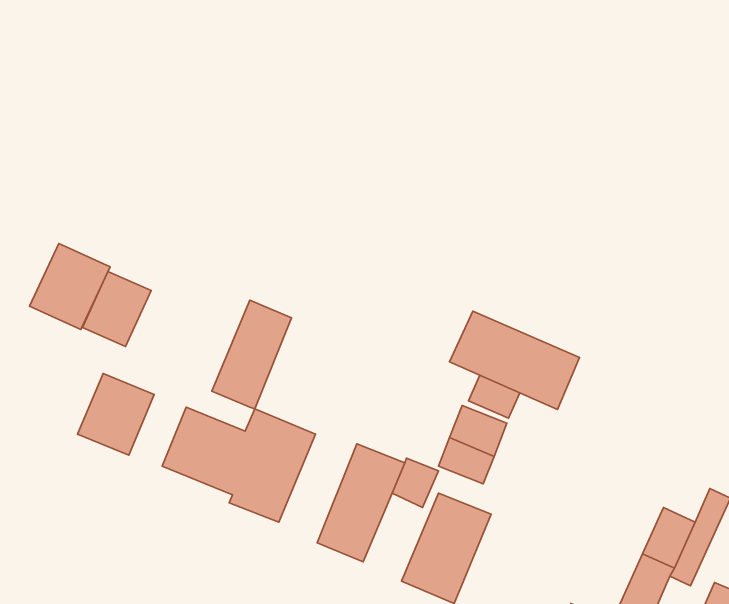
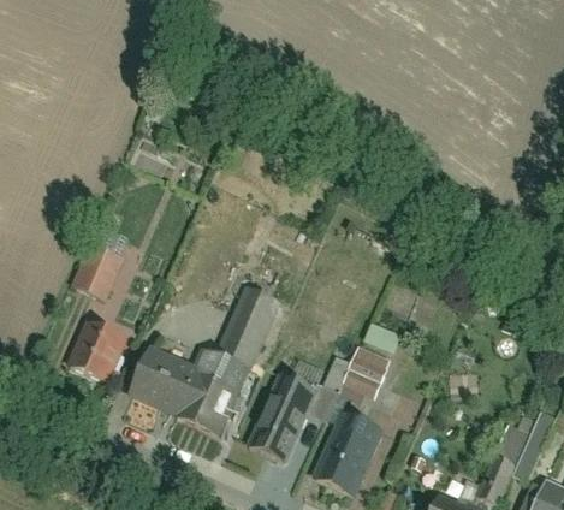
building: [30,243,110,330] -> none
building: [212,300,291,409] -> [218,285,278,367]
building: [449,311,579,409] -> none

